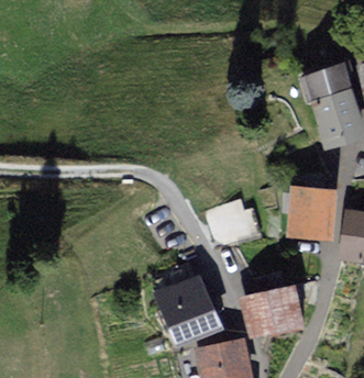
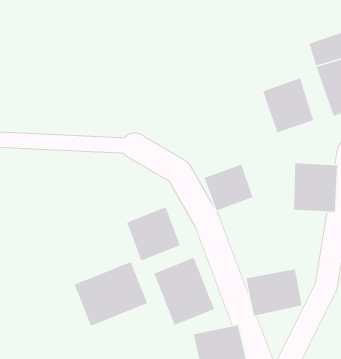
building: none -> [262,77,314,133]
building: none -> [126,206,181,262]
building: none -> [73,261,148,327]

